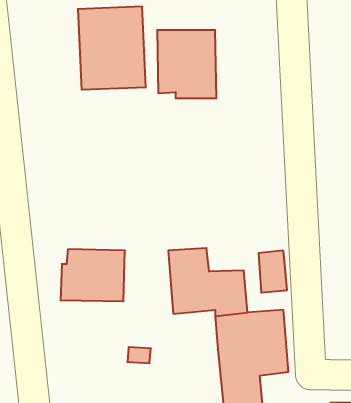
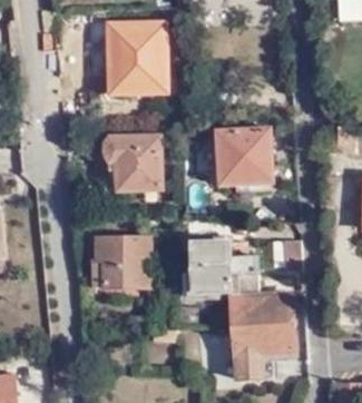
building: [157,30,216,98] -> [219,129,273,190]
building: none -> [104,140,160,189]

